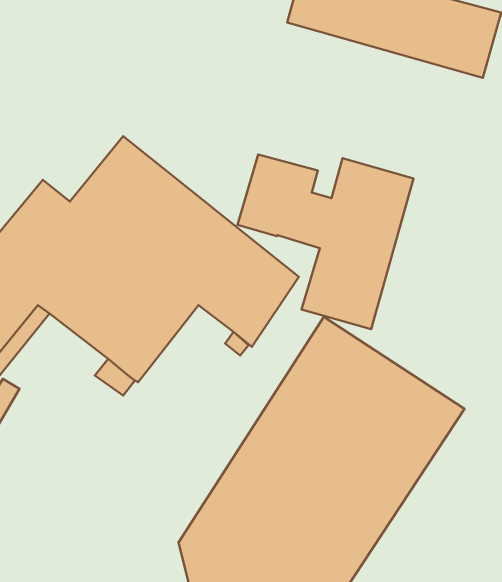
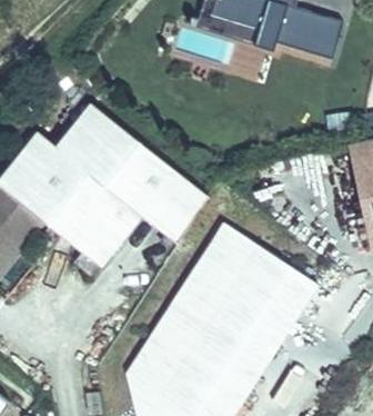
building: [238,155,414,329] -> none

